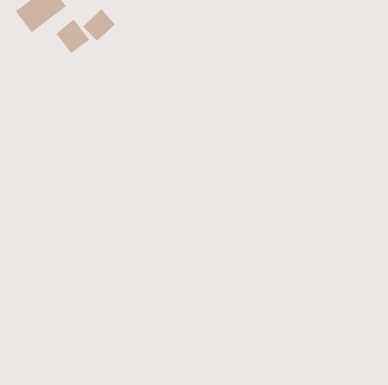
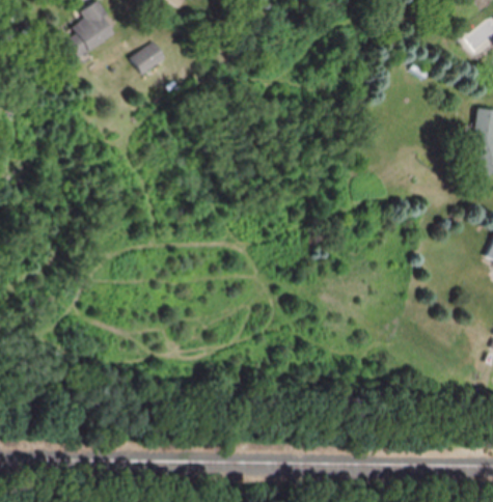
building: [55,18,90,54] -> none

